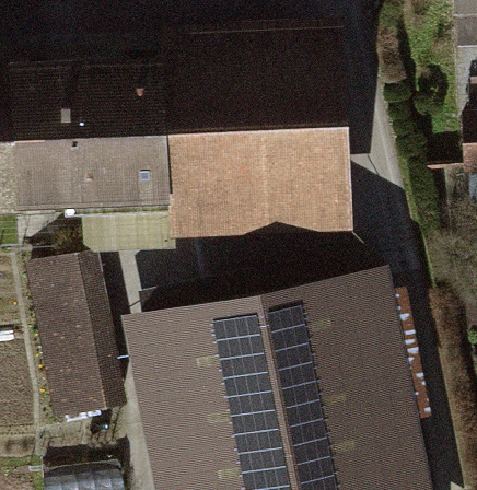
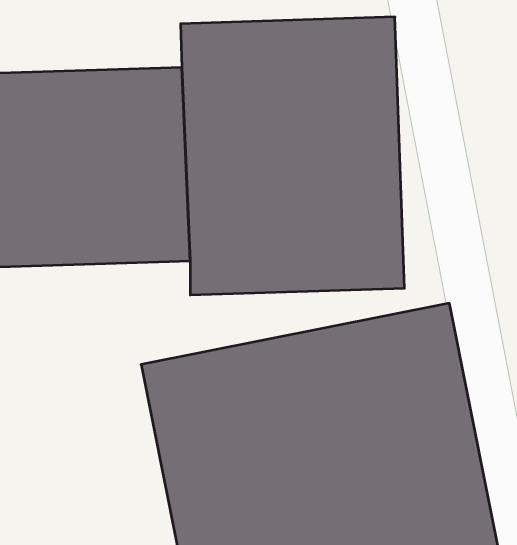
building: [31,267,128,435] -> none

